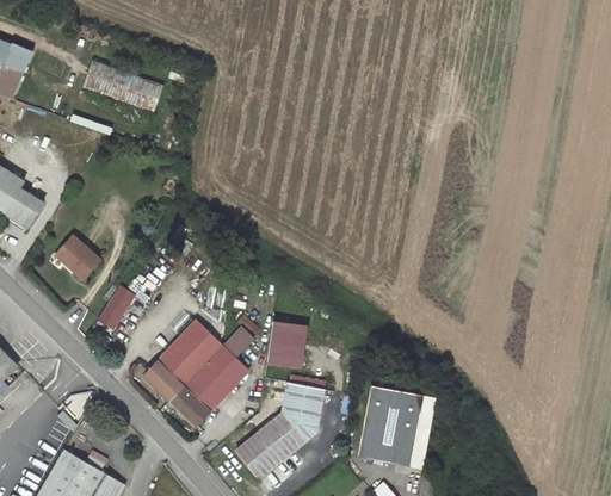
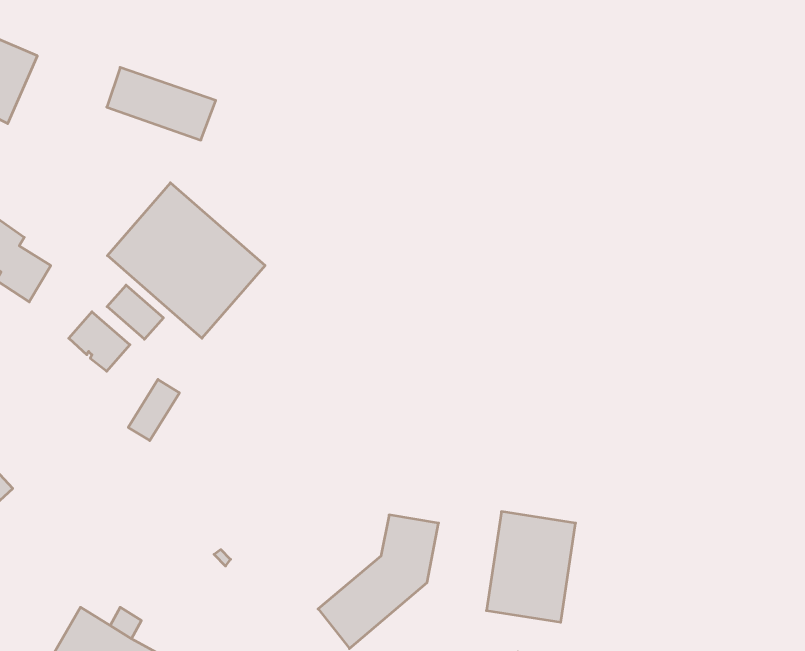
building: none -> [107,183,265,338]
building: none -> [107,285,163,339]
building: [144,320,253,424] -> none
building: [269,322,308,367] -> none

